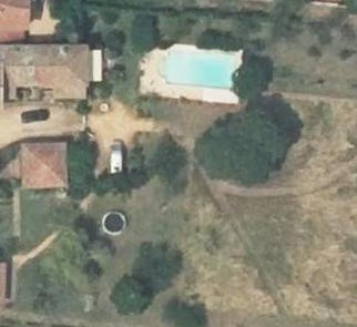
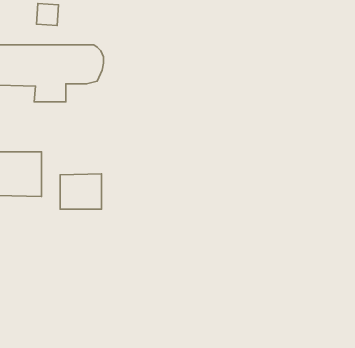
building: none -> [60,174,102,209]

